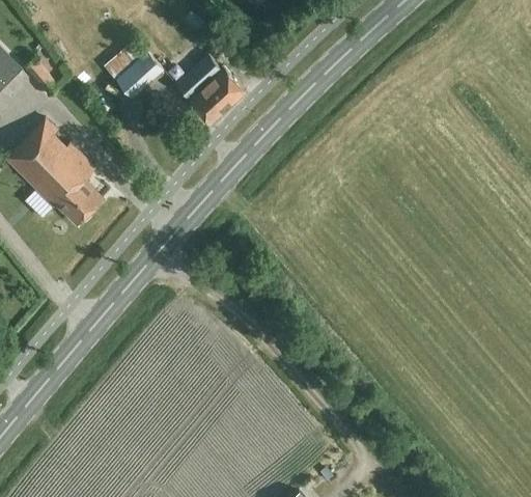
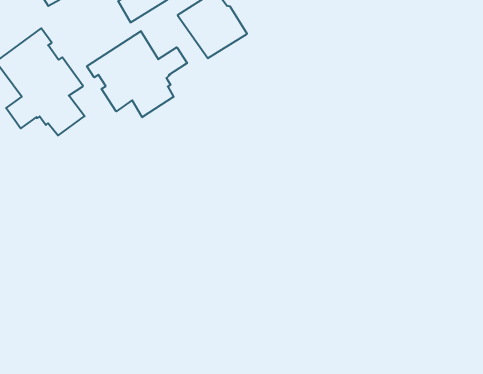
building: none -> [87,31,187,117]

